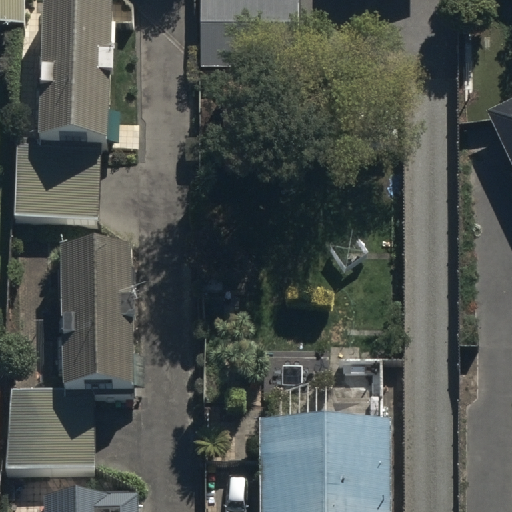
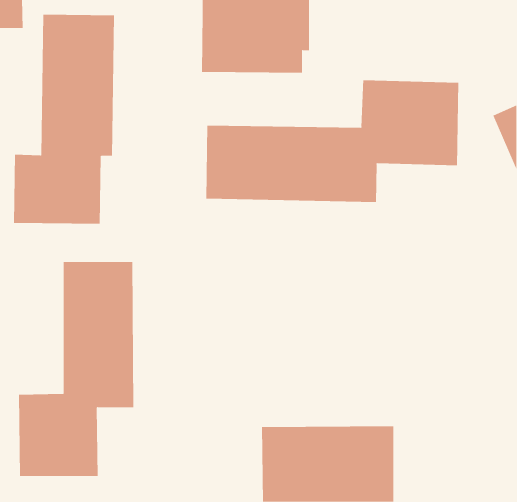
building: none -> [206,80,459,203]

